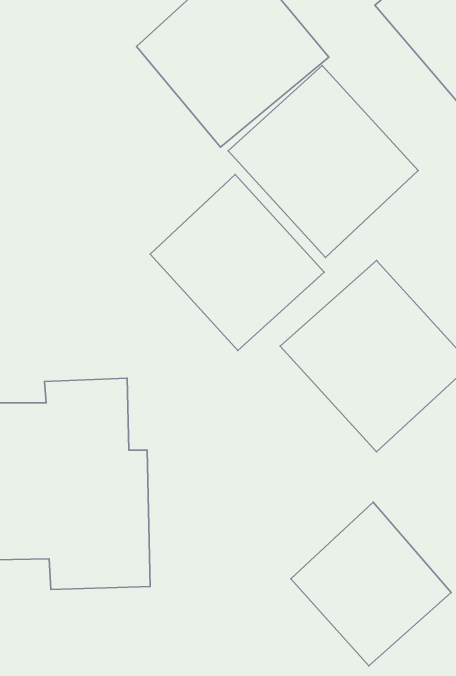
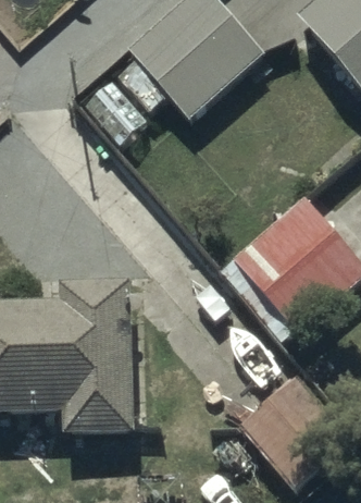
building: [228,66,418,257] -> none
building: [150,175,324,350] -> none

